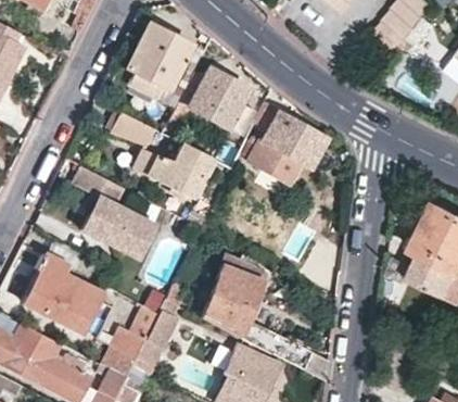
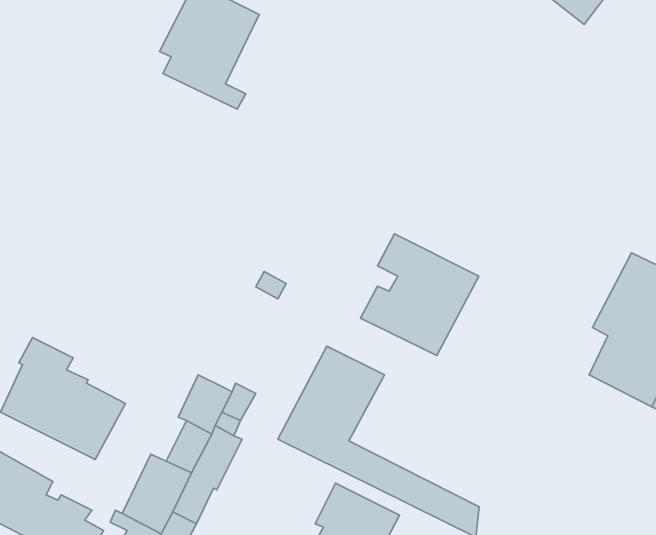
building: [168,67,254,134] -> none
building: [242,106,318,185] -> [361,234,479,356]
building: [110,114,215,199] -> none
building: [73,166,155,259] -> none

